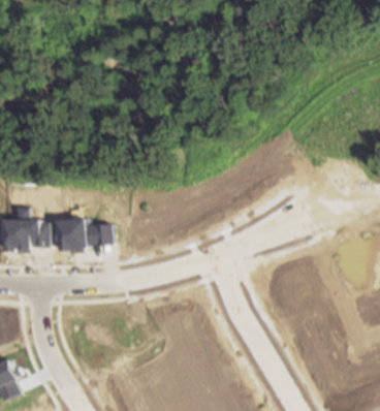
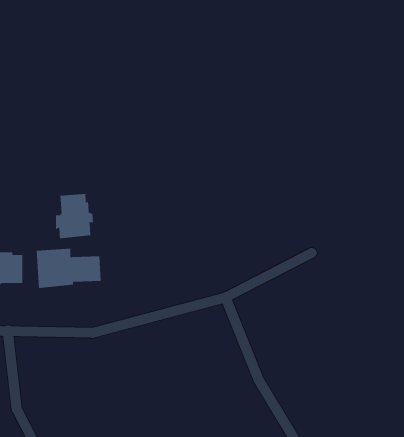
building: none -> [55,193,93,239]

